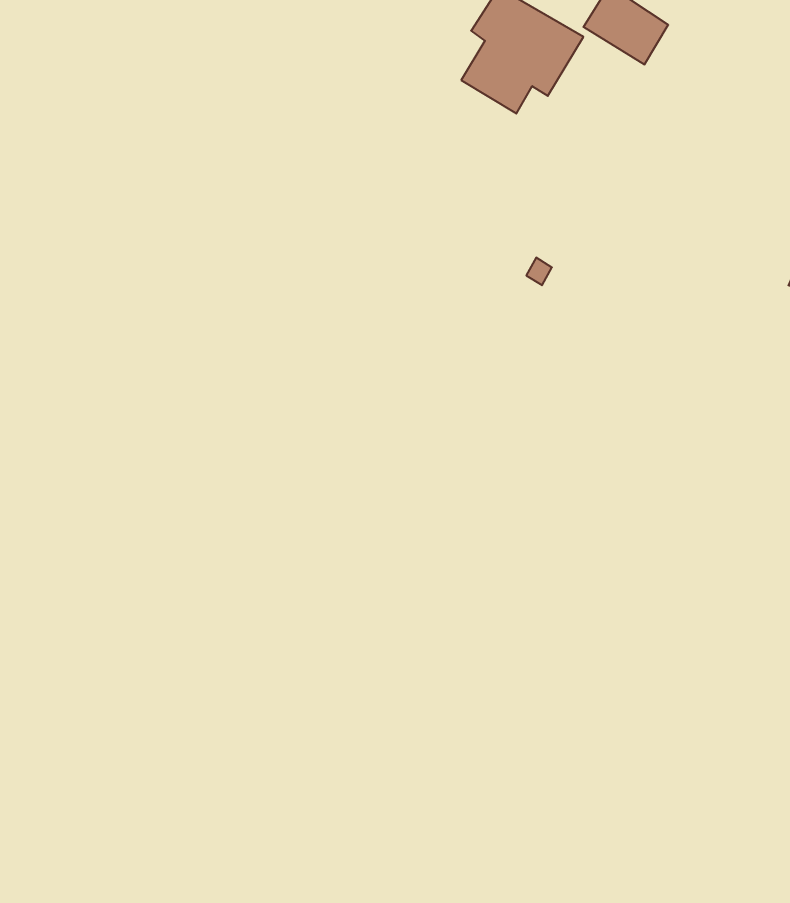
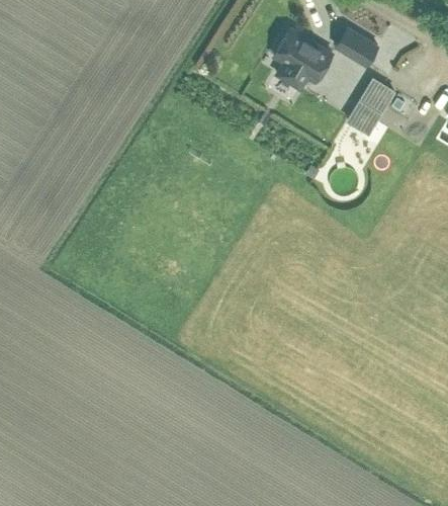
building: none -> [346,78,395,137]

